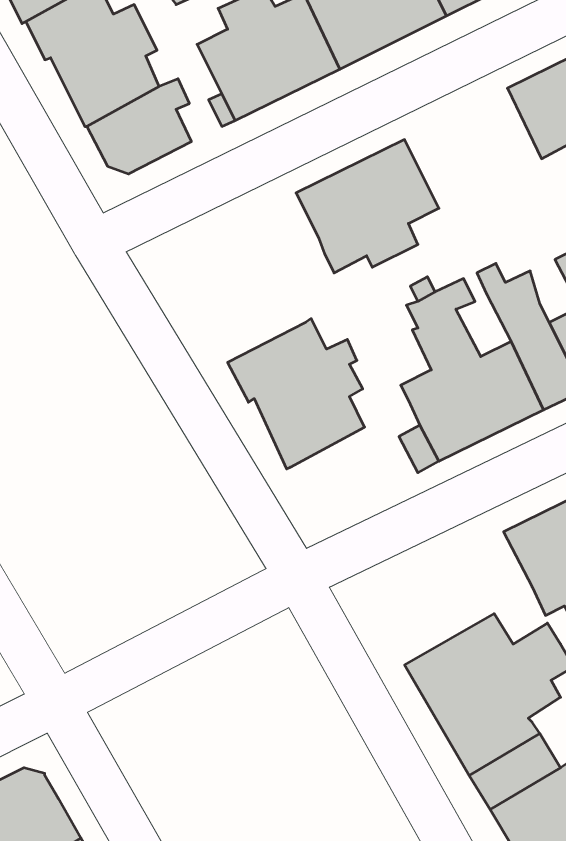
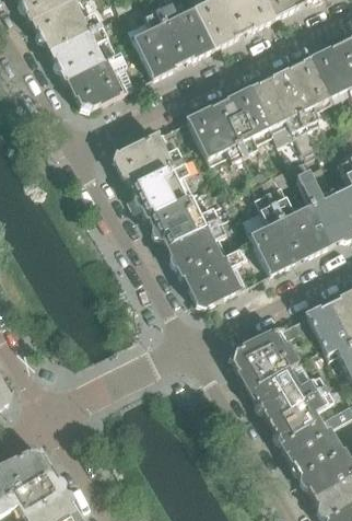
building: none -> [249,58,328,158]
building: none -> [116,130,192,217]
building: none -> [184,245,246,303]
building: none -> [231,313,322,390]

